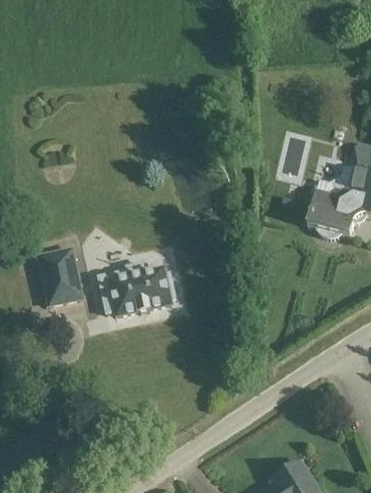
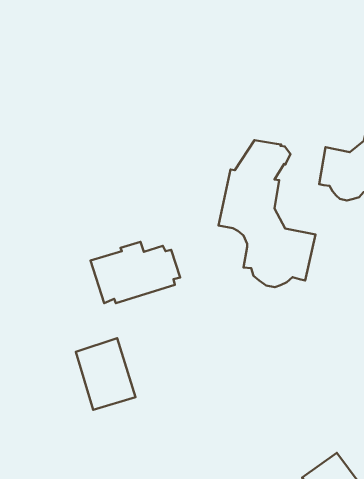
building: none -> [218,140,315,287]
building: [34,244,84,306] -> [76,338,136,410]

